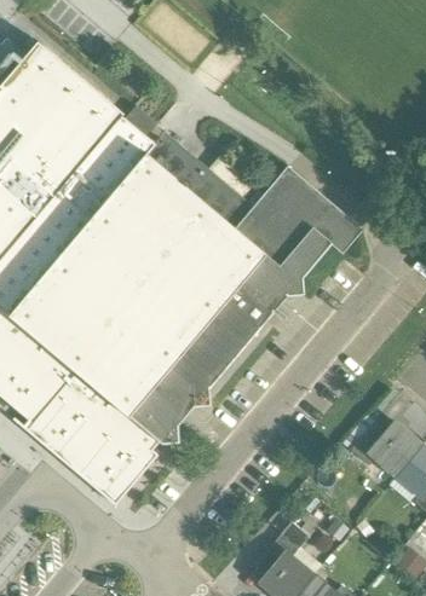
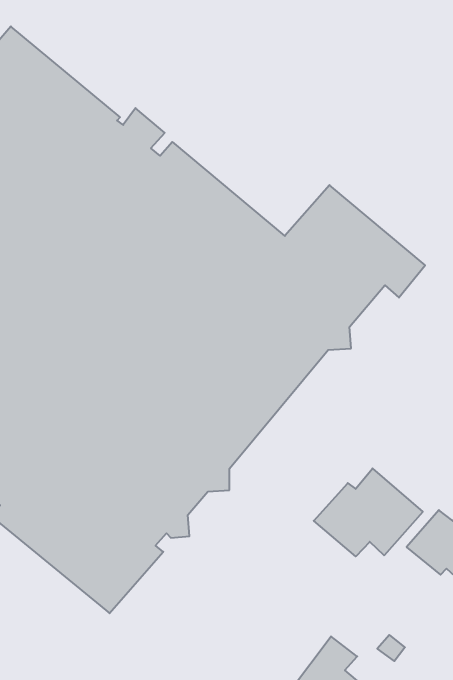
building: none -> [314,468,423,556]

